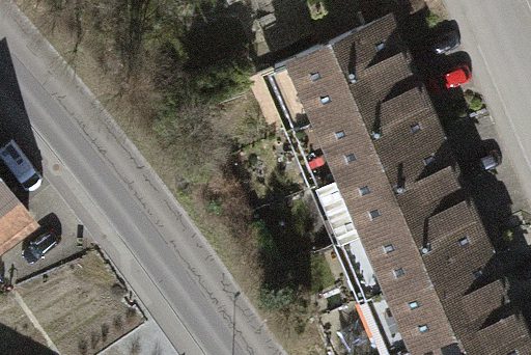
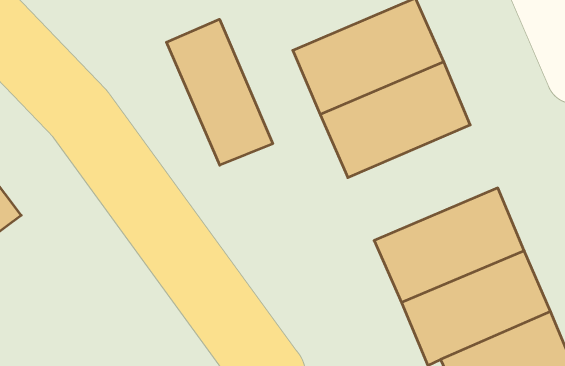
building: none -> [166,19,273,165]
building: [330,131,466,236] -> none

